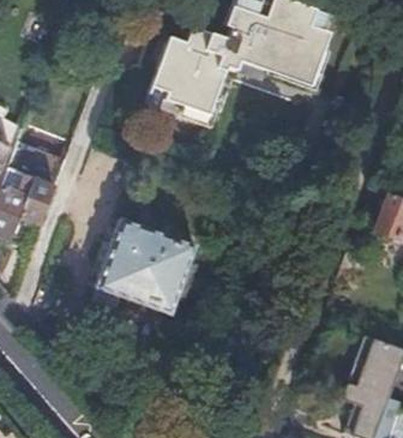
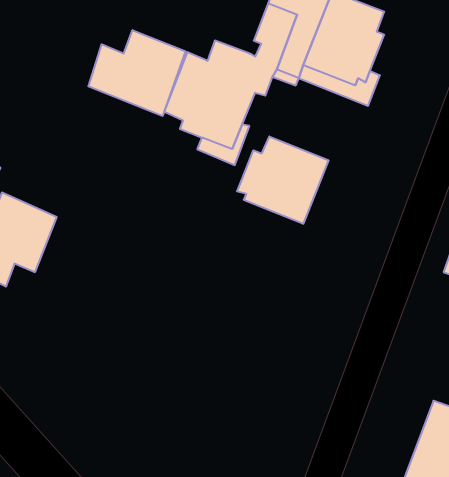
building: none -> [88,30,186,116]
building: none -> [237,136,329,224]
building: [80,215,193,320] -> none

